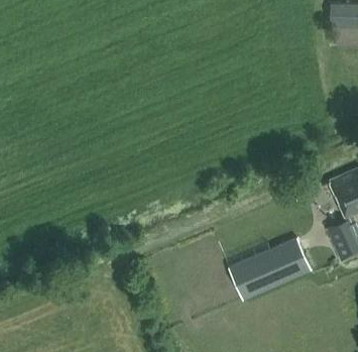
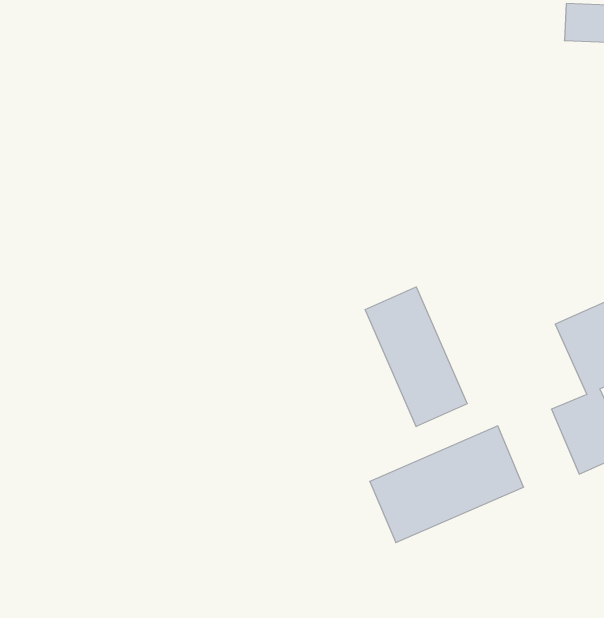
building: none -> [365,287,467,427]

